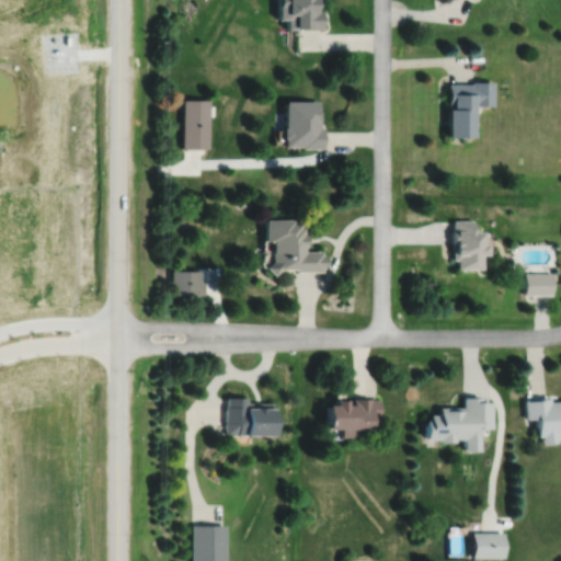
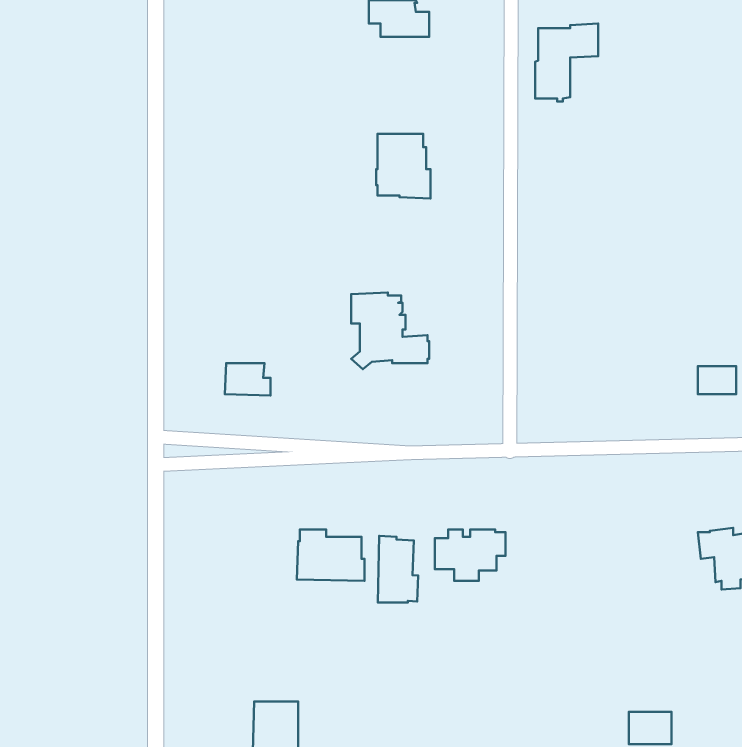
building: [448,83,495,141] -> [535,24,598,102]
building: [185,102,211,151] -> none
building: [454,224,488,272] -> none
building: [428,398,495,450] -> none
building: none -> [378,536,418,602]

